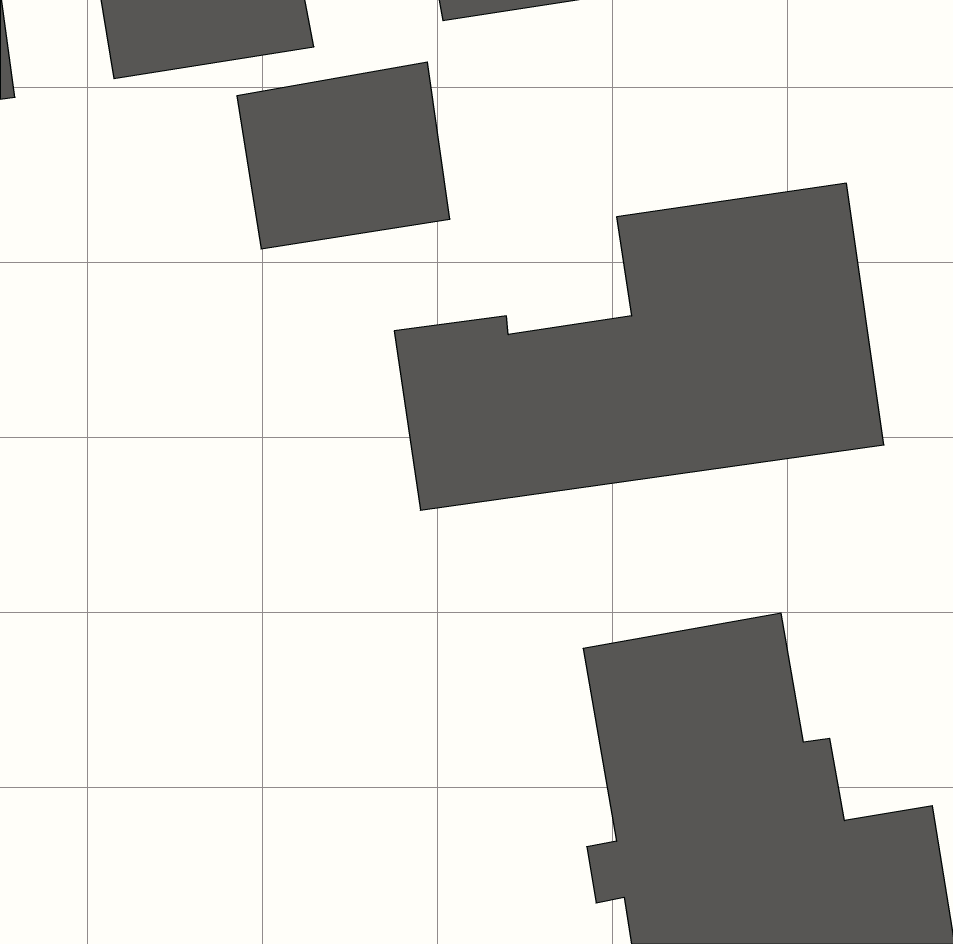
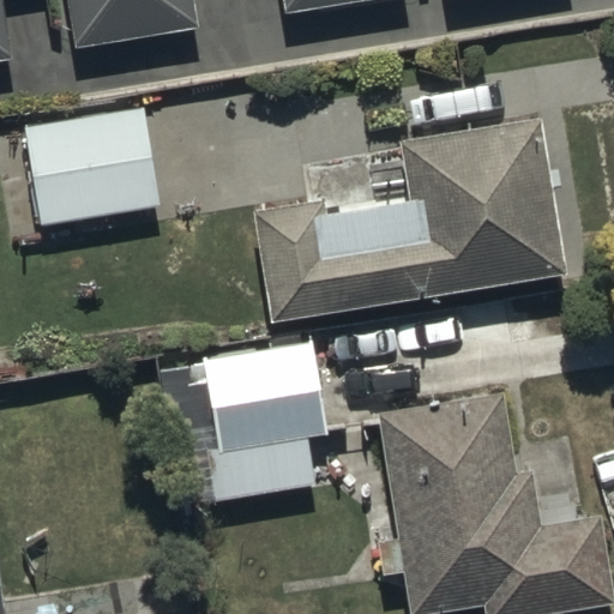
building: [237,62,450,249] -> [23,100,159,219]
building: none -> [204,341,326,505]

